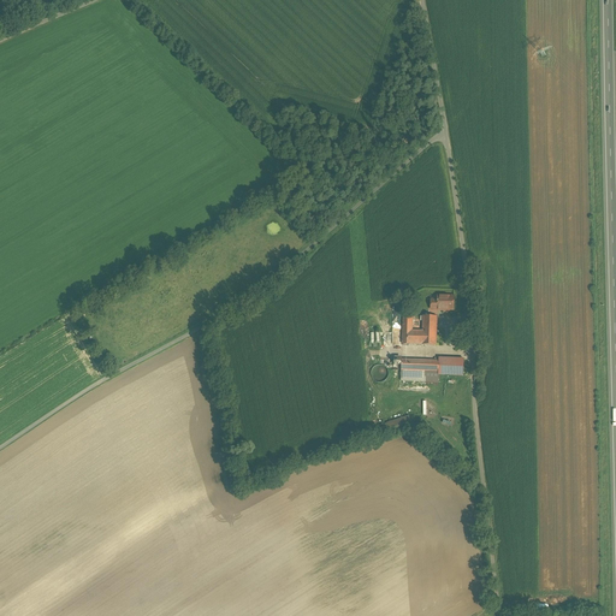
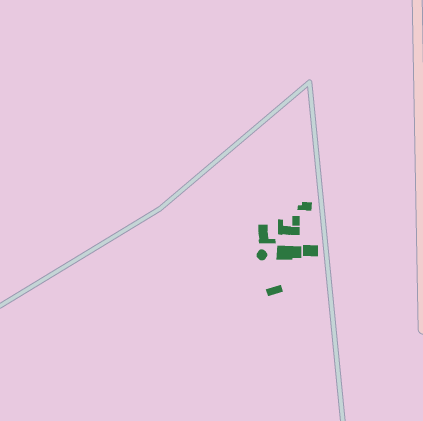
building: none -> [258,224,276,244]

